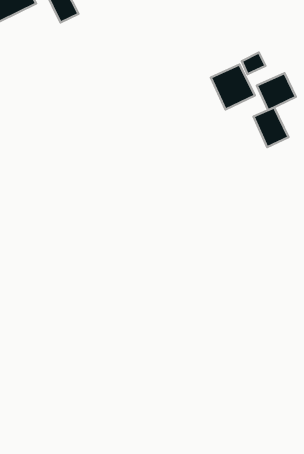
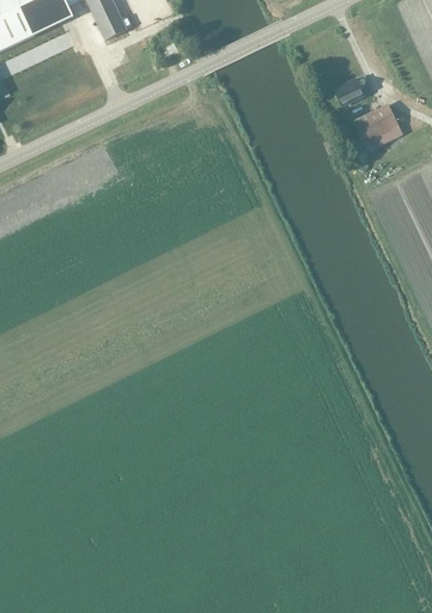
building: [211,64,255,109] -> none
building: [253,107,288,147] -> none

